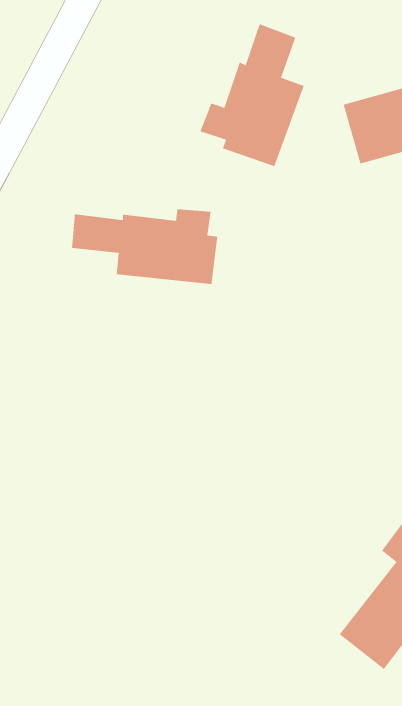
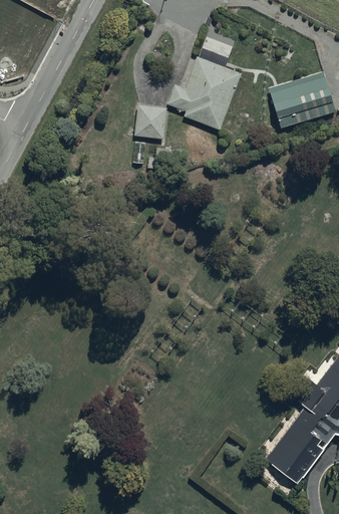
building: none -> [133,105,165,140]
building: [72,208,218,285] -> none

